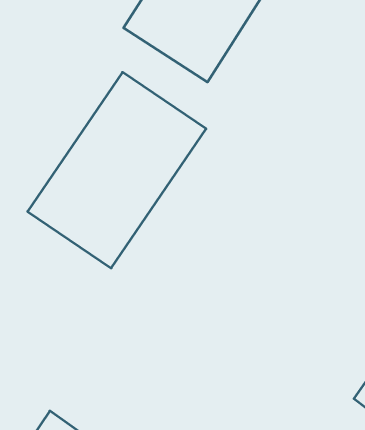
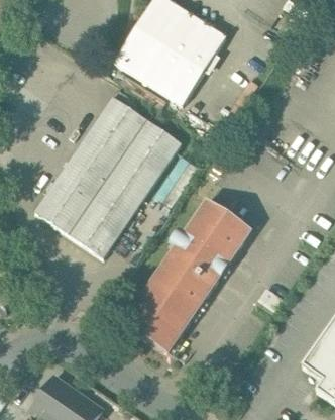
building: none -> [124,199,251,351]

